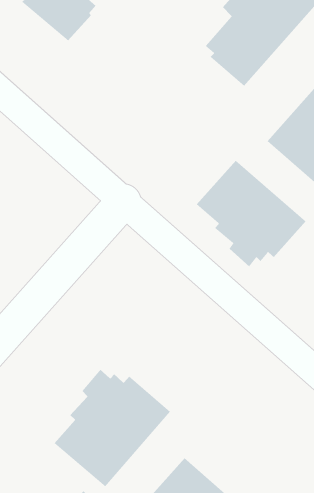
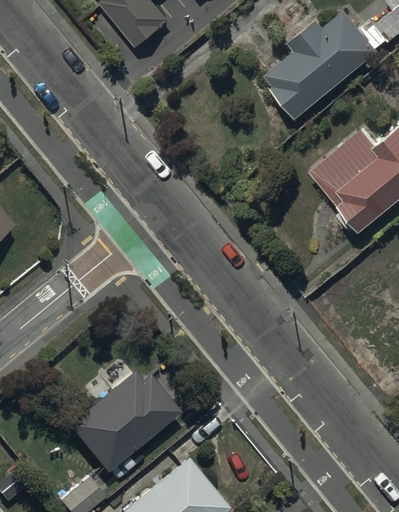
building: [196,160,306,267] -> none

